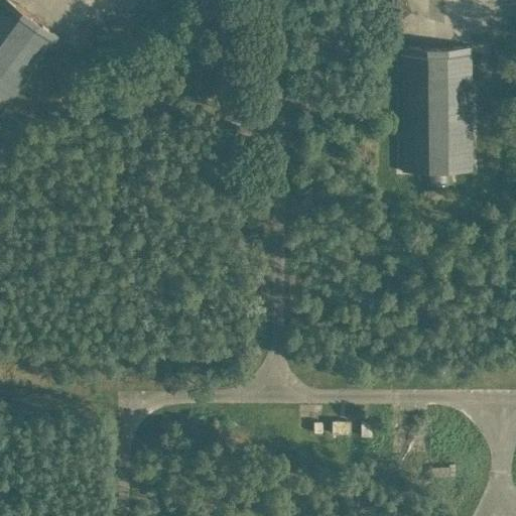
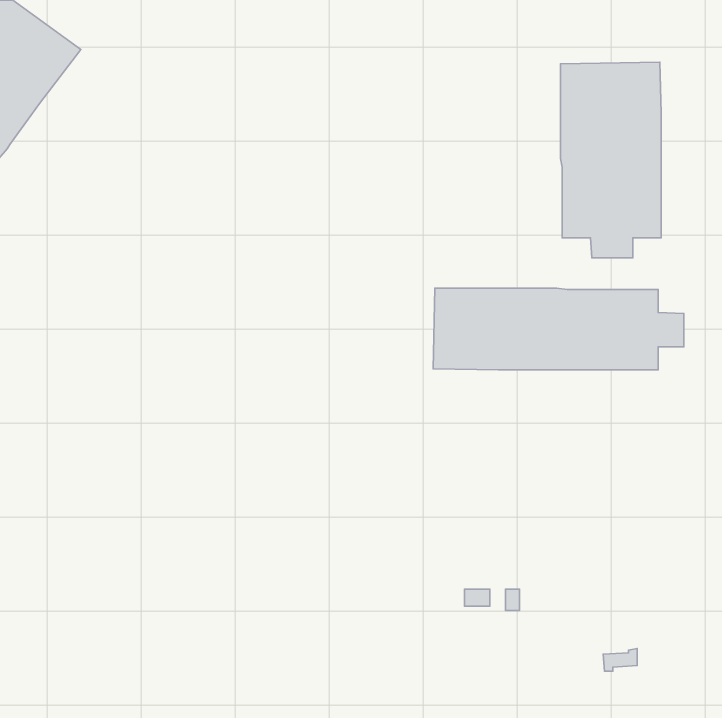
building: none -> [433,288,684,370]

